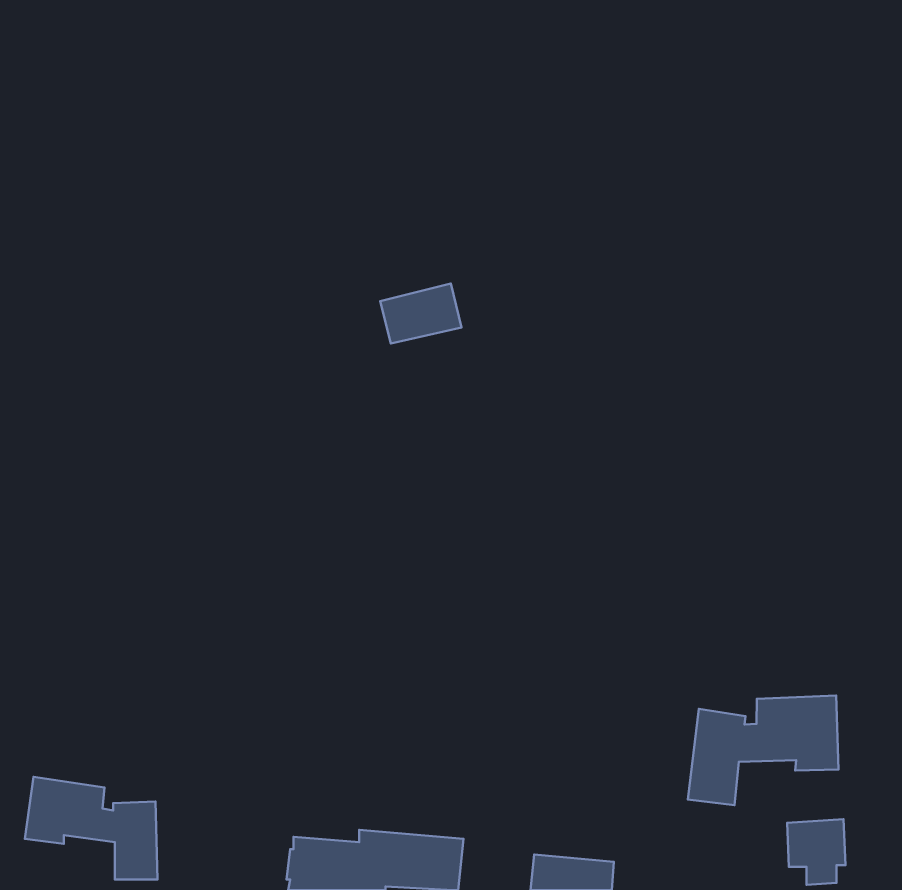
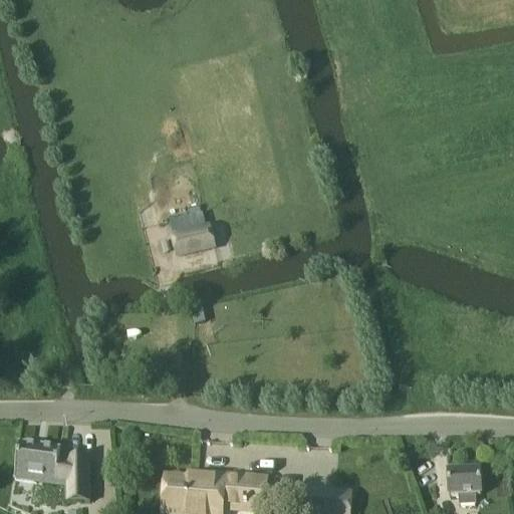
building: [380,283,462,344] -> [169,220,215,254]
building: [688,696,839,805] -> none

